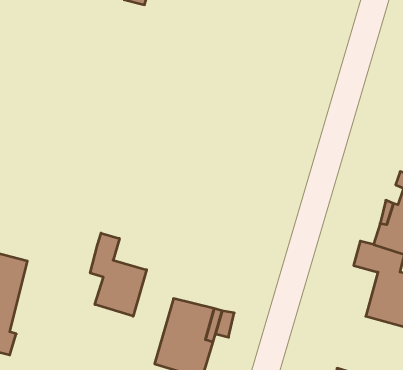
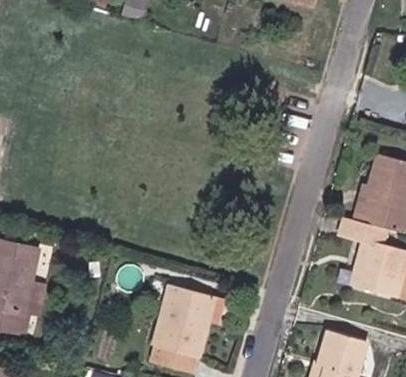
building: [90,233,147,316] -> none

